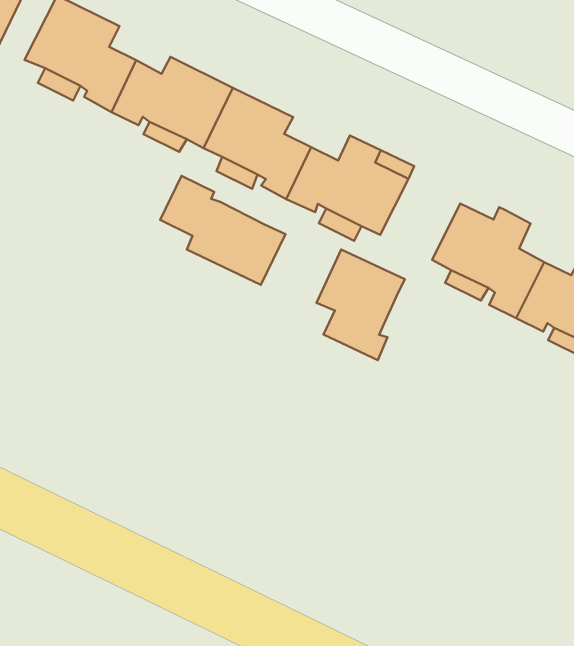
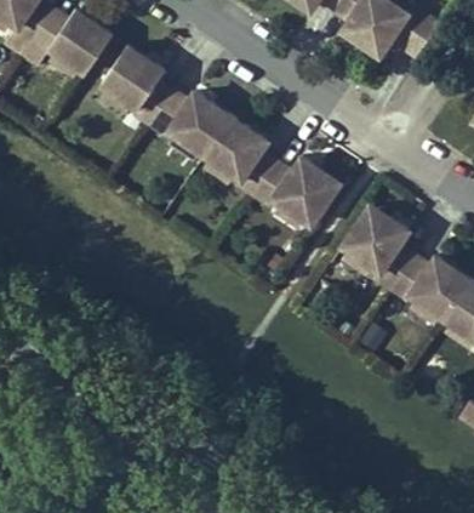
building: [160,176,285,285] -> none
building: [316,250,405,360] -> none

